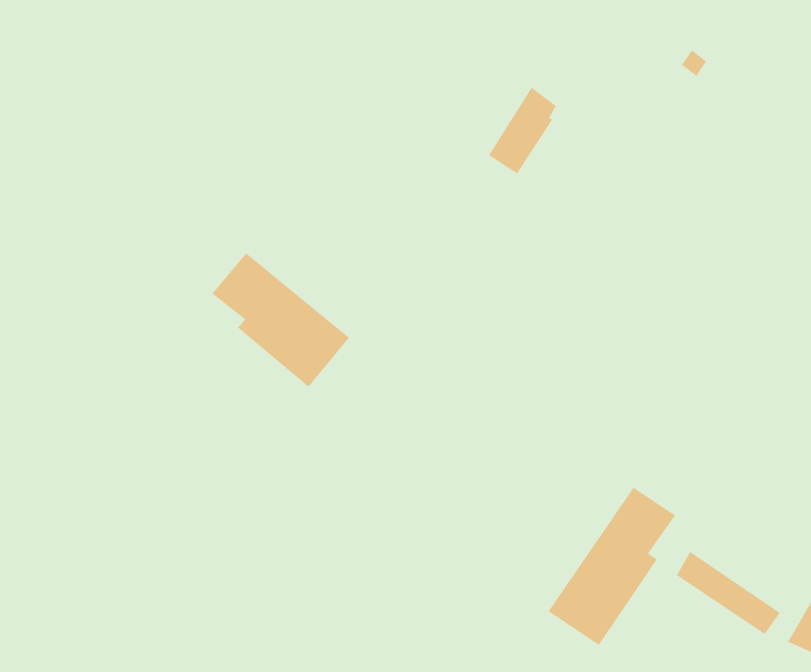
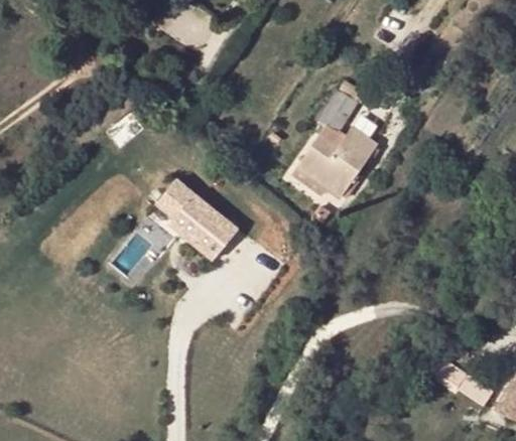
building: none -> [297,127,377,196]
building: [548,487,676,646] -> none

